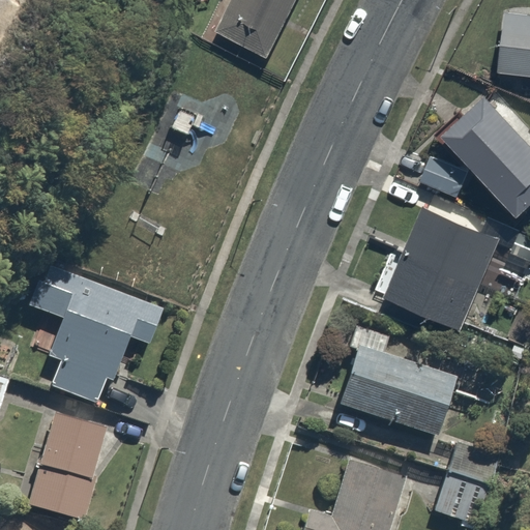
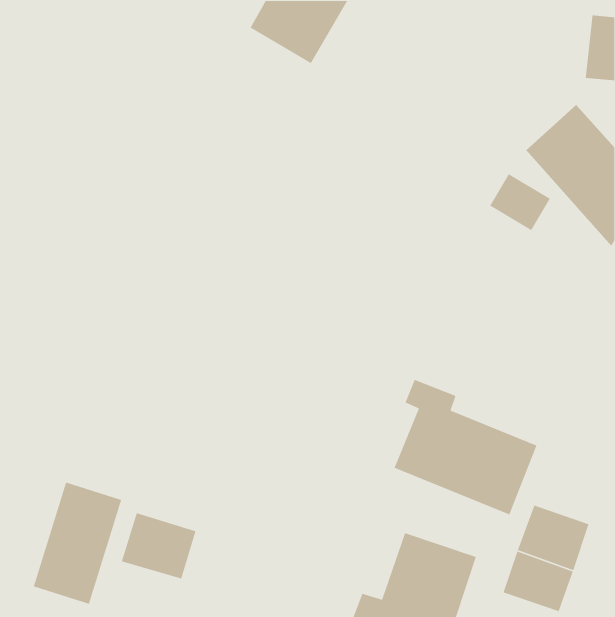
building: [382,205,504,331] -> none
building: [28,268,147,409] -> none
building: none -> [121,512,196,579]

